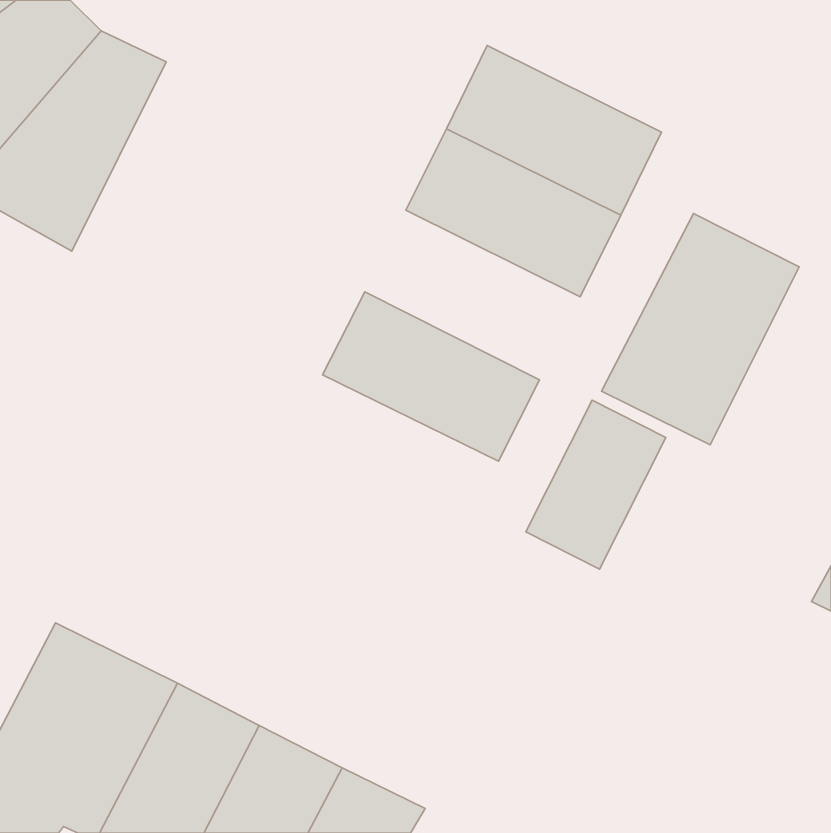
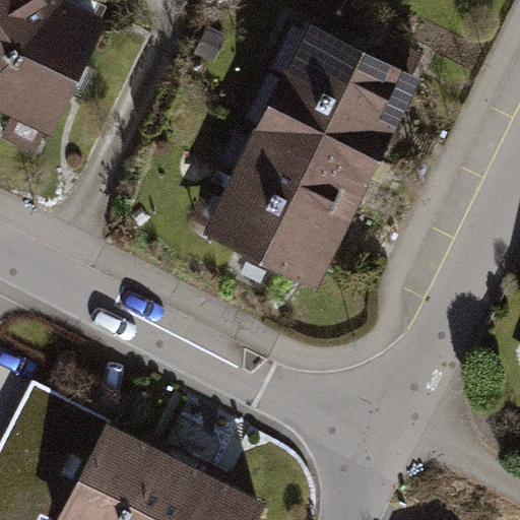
building: none -> [228,131,362,237]
building: [602,213,799,445] -> none
building: [526,400,666,569] -> none

